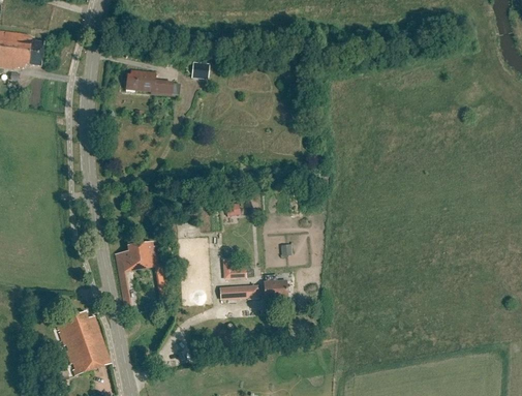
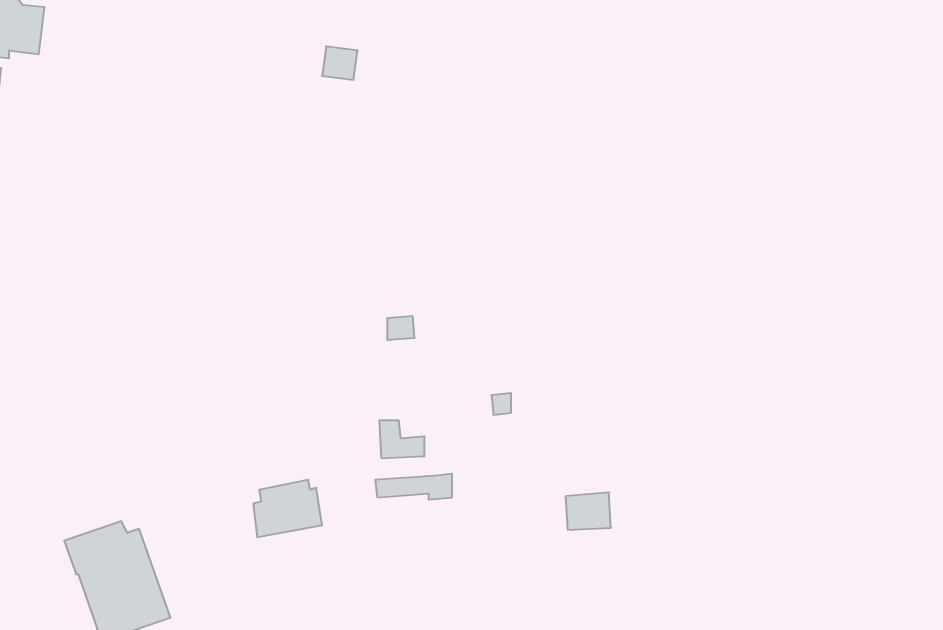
building: [124,70,179,97] -> none
building: [122,241,158,271] -> [253,480,322,537]
building: [263,279,286,299] -> [566,492,611,530]

